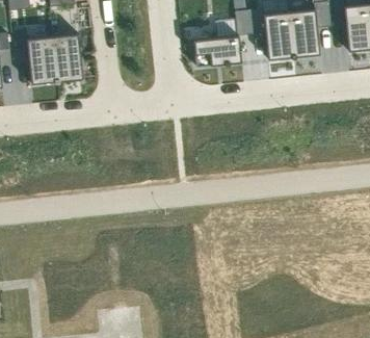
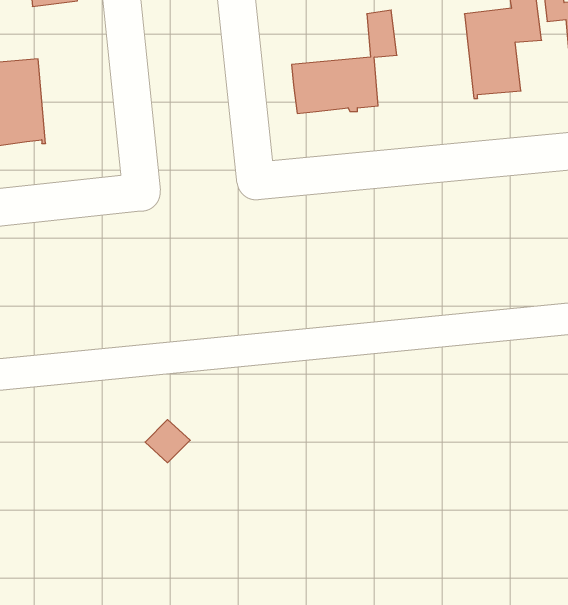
building: [248,7,294,58] -> none
building: [53,32,83,82] -> none

